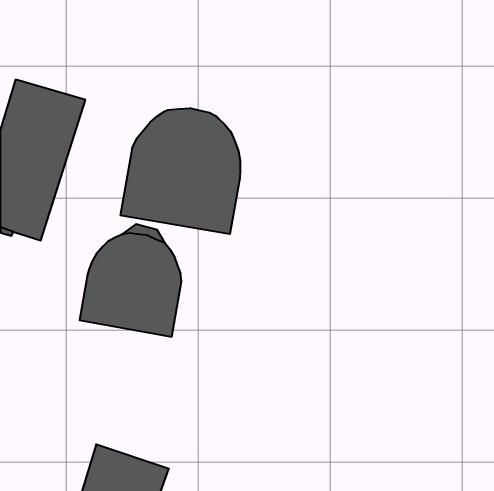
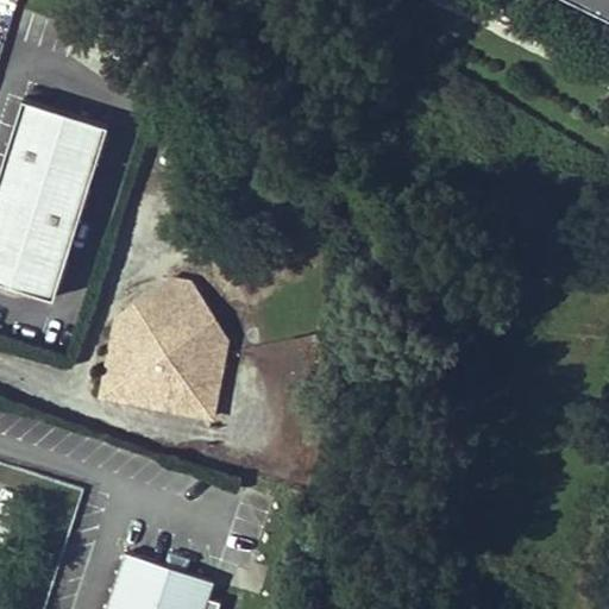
building: [121,108,240,234] -> none

